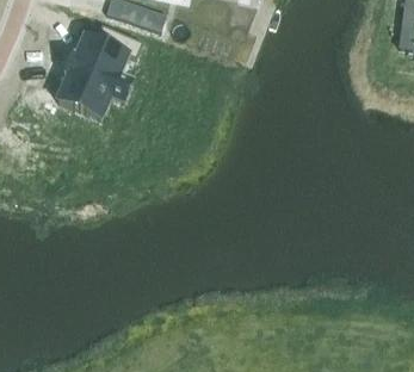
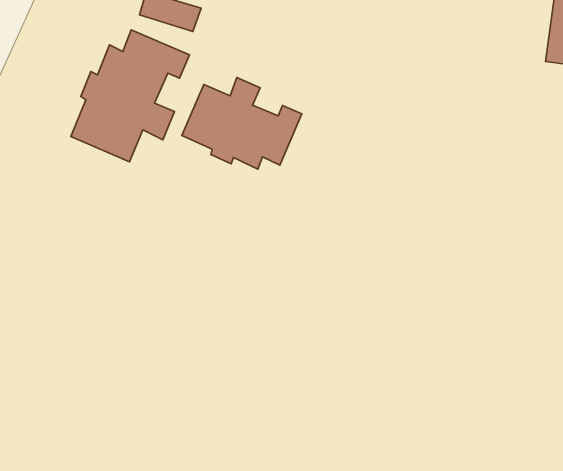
building: none -> [182,77,302,169]

